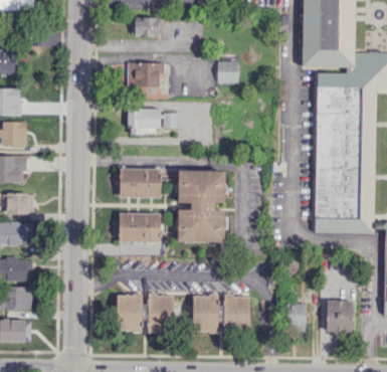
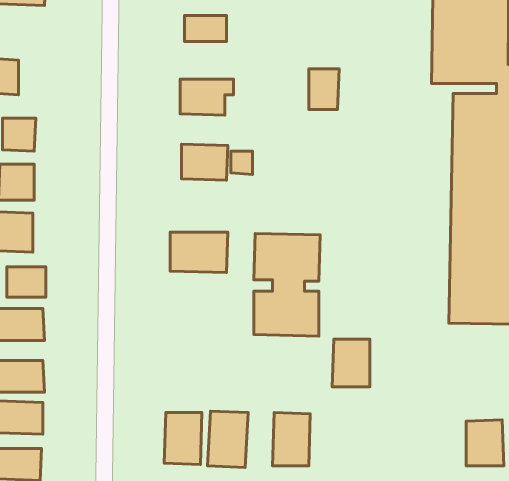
building: [119,213,159,241] -> none
building: [222,296,248,329] -> [332,339,370,387]
building: [285,304,305,330] -> none

